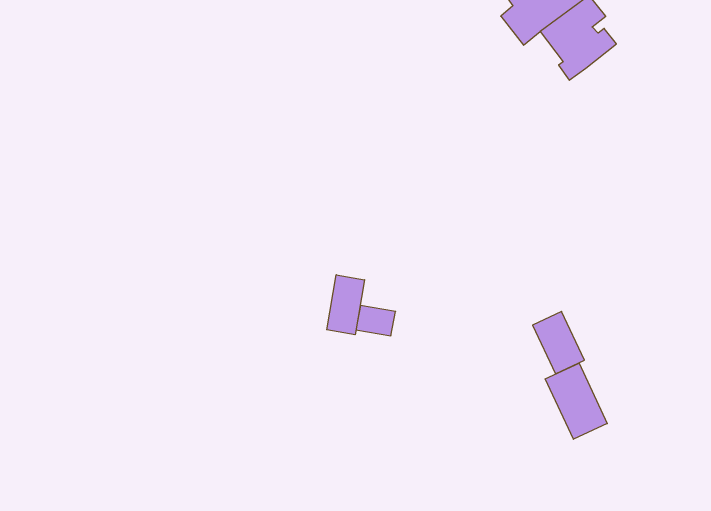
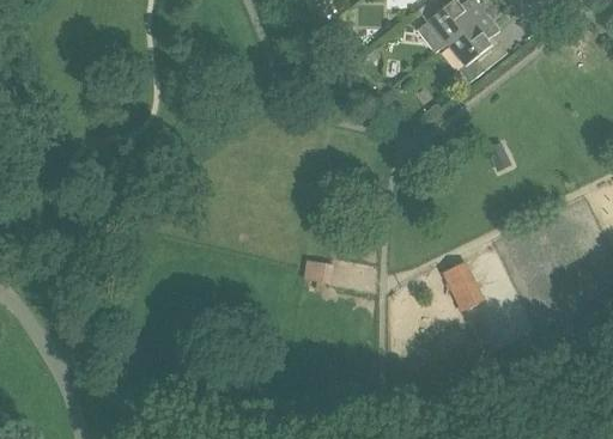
building: [327,275,365,335] -> none
building: [545,363,607,439] -> none

